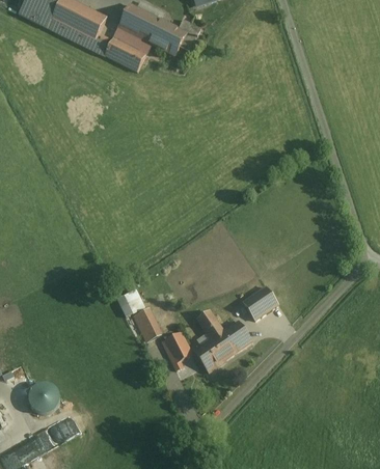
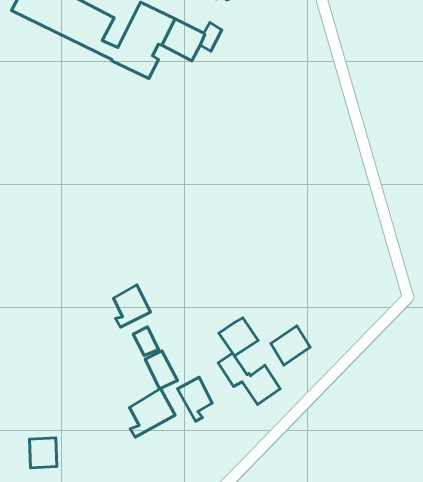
building: none -> [113,285,150,327]
building: [196,334,230,367] -> [219,318,258,356]
building: none -> [129,389,175,437]

